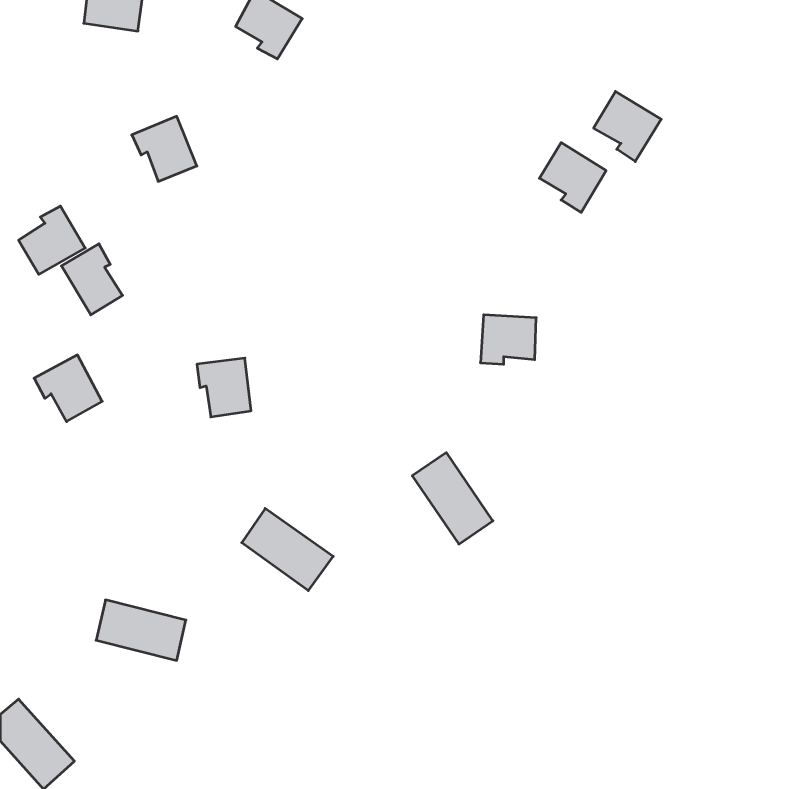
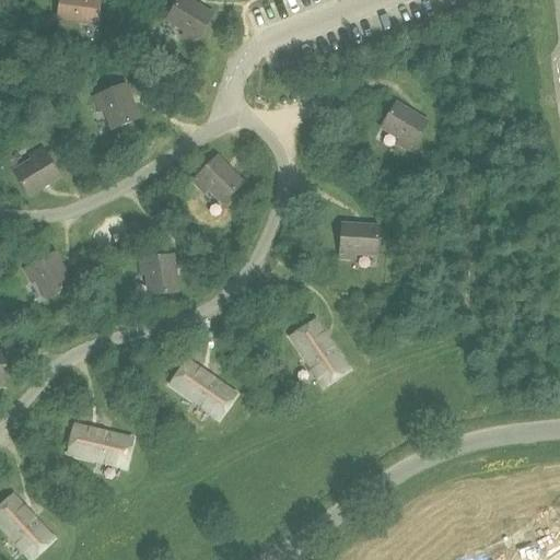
building: [594,91,661,162] -> none
building: none -> [192,155,243,202]
building: [61,244,123,315] -> none

